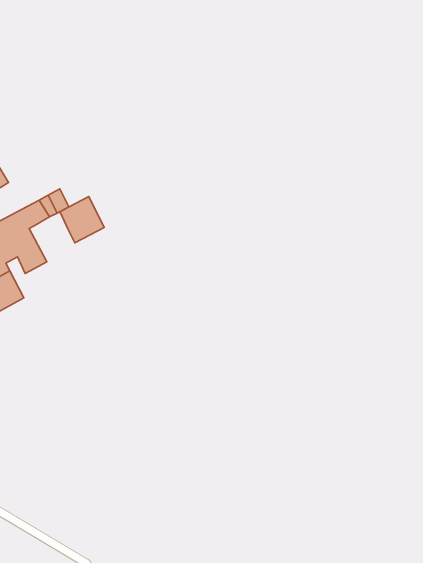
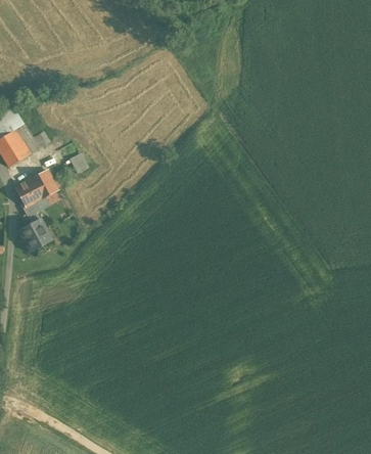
building: [59,197,104,243] -> none

